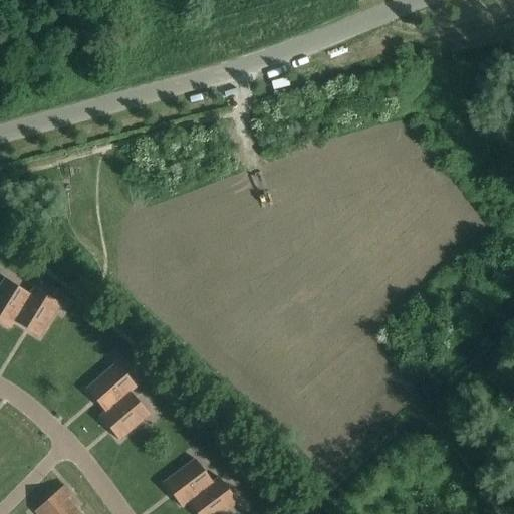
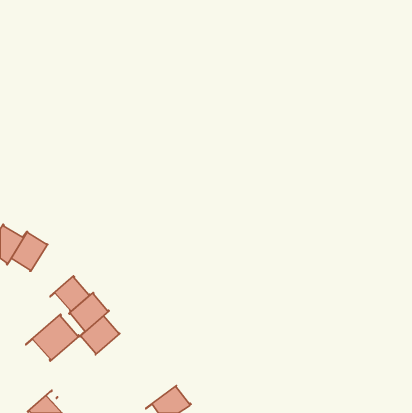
building: none -> [50,276,90,312]
building: none -> [26,314,79,361]
building: [165,459,221,506] -> none

